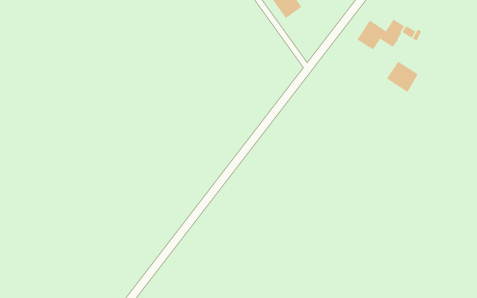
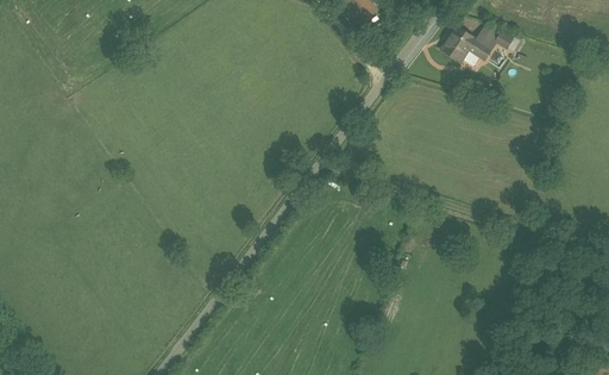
building: [386,61,419,93] -> none

